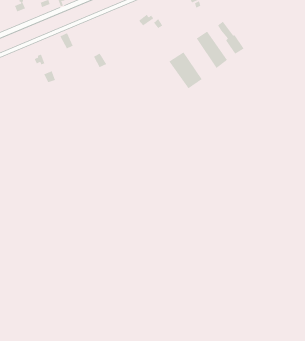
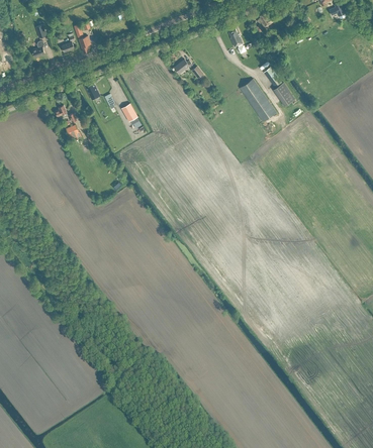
building: [168,52,203,89] -> none

